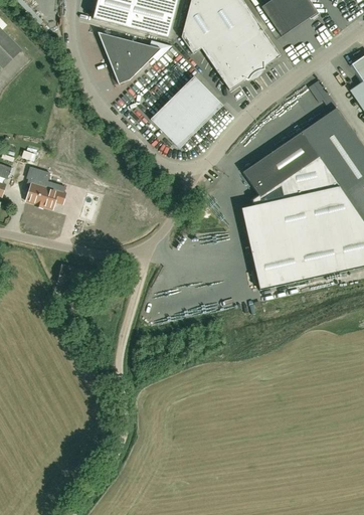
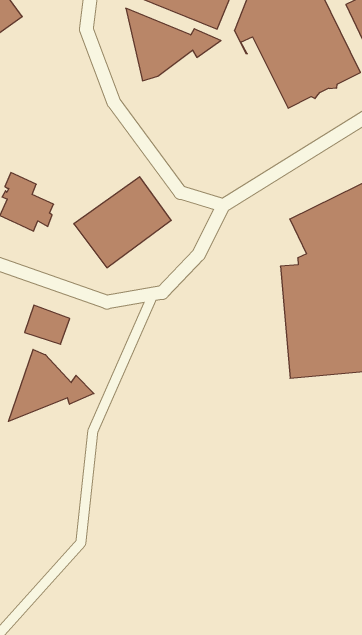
building: [150,75,222,147] -> [74,177,171,268]
building: none -> [8,349,94,421]

